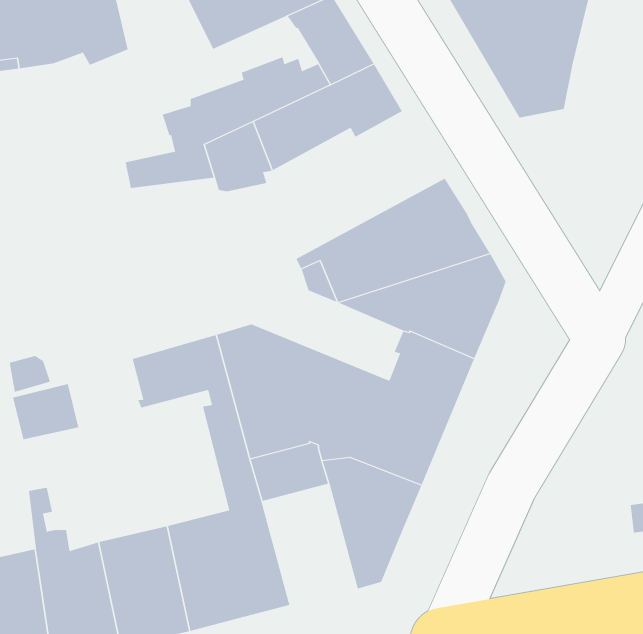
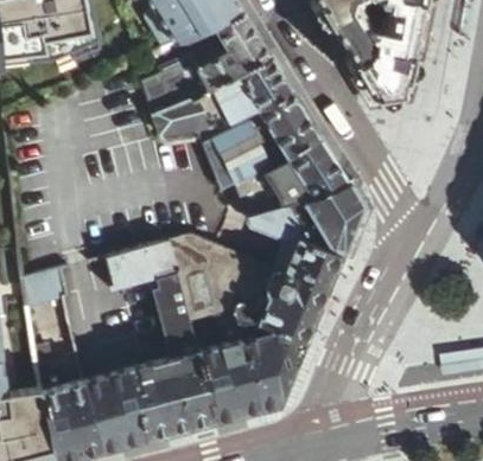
building: none -> [198,90,317,190]
building: none -> [193,341,258,423]

